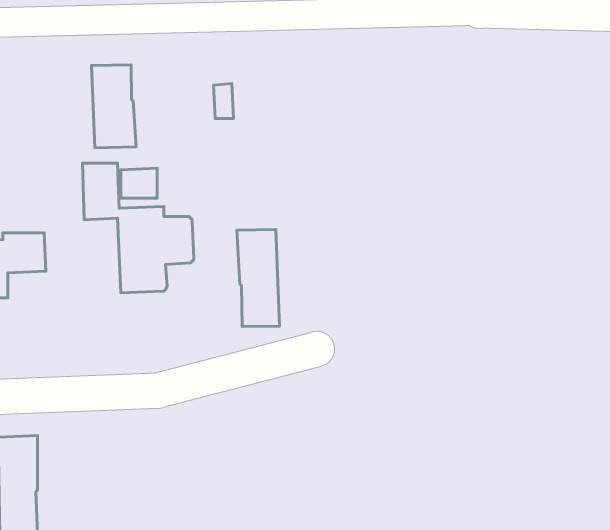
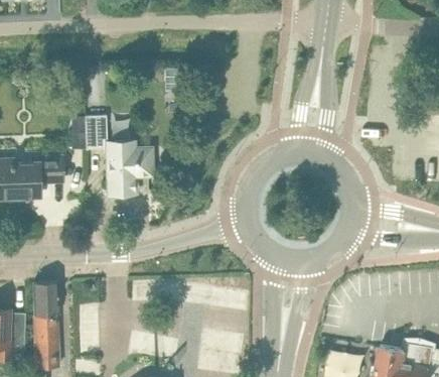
building: [92,65,136,148] -> none
building: [237,230,279,327] -> none

